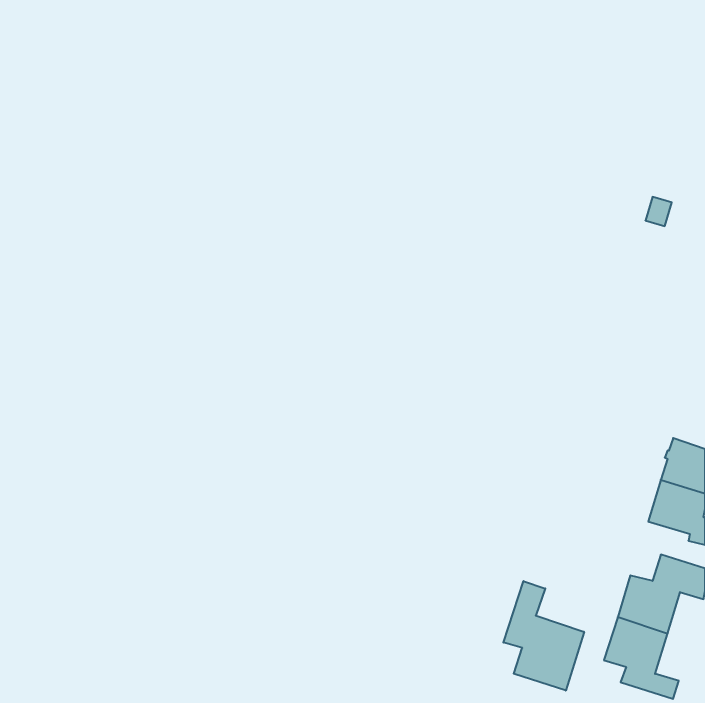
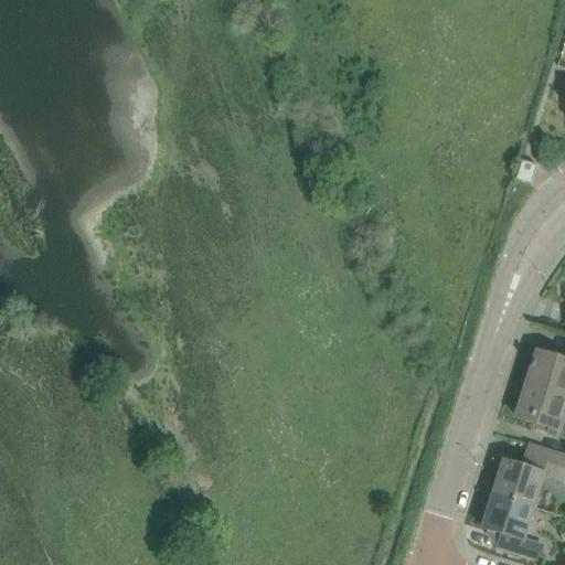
building: [503,581,584,691] -> none

